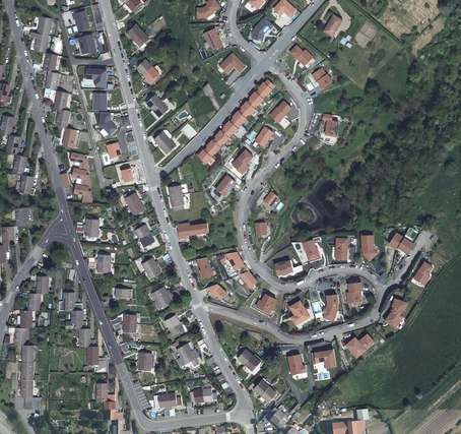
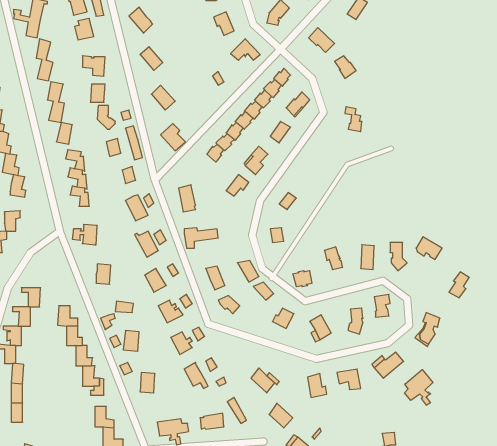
building: none -> [405,370,433,405]

